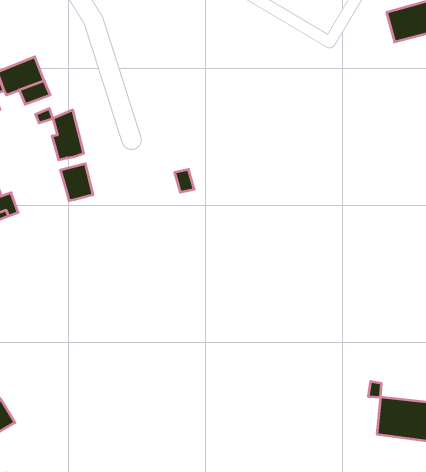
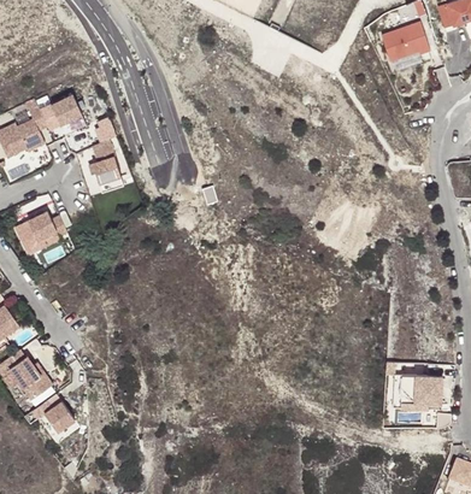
building: [61,164,93,201] -> none

